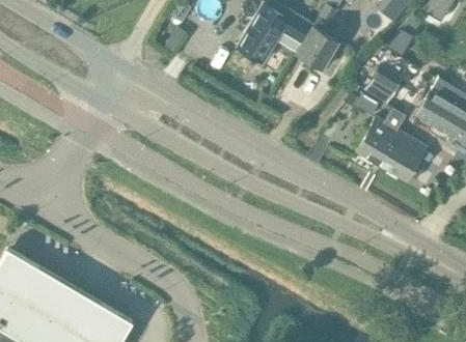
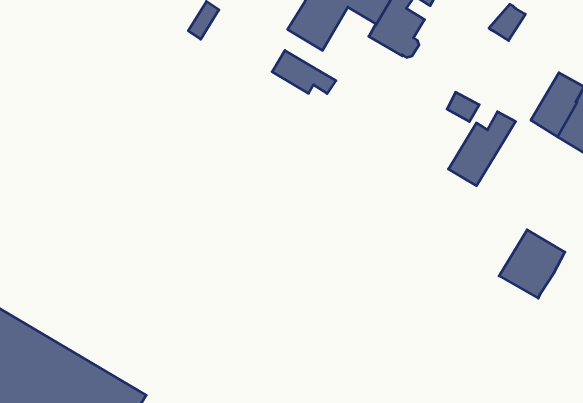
building: none -> [272,50,336,94]
building: [363,66,402,105] -> none
building: [377,130,426,180] -> [499,230,565,298]

